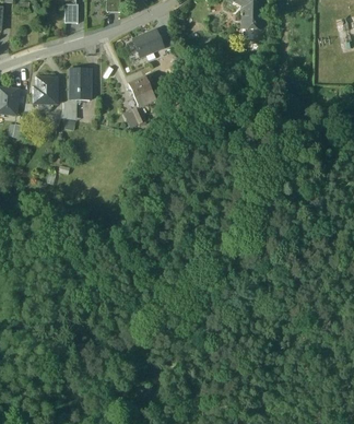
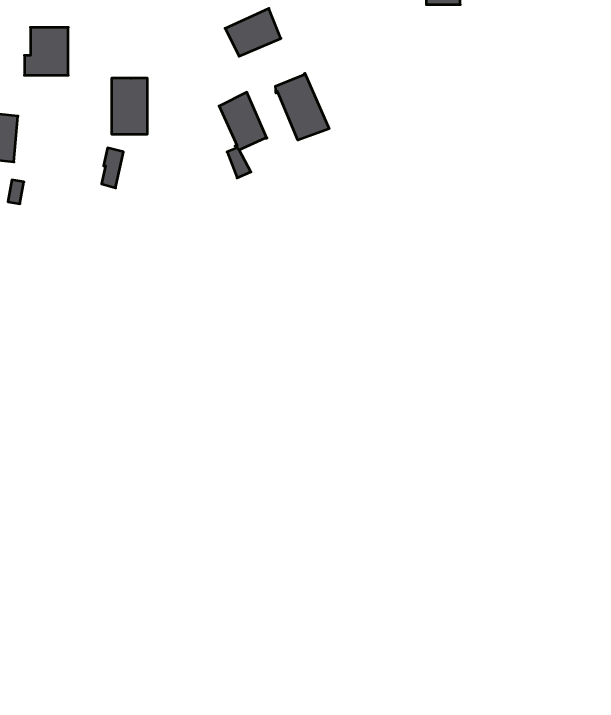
building: none -> [275,73,329,140]
building: [32,76,56,103] -> [24,27,68,75]

